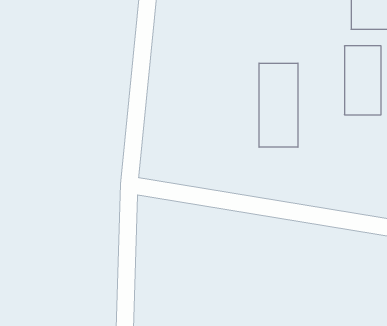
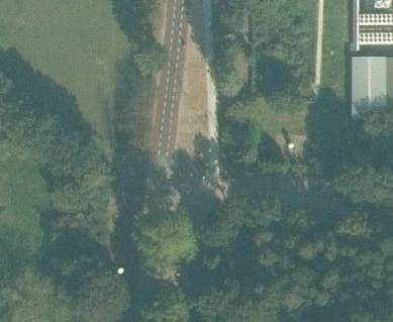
building: [259,63,298,147] -> none

